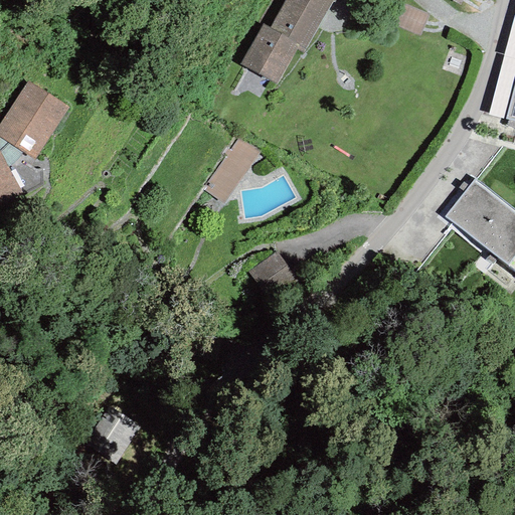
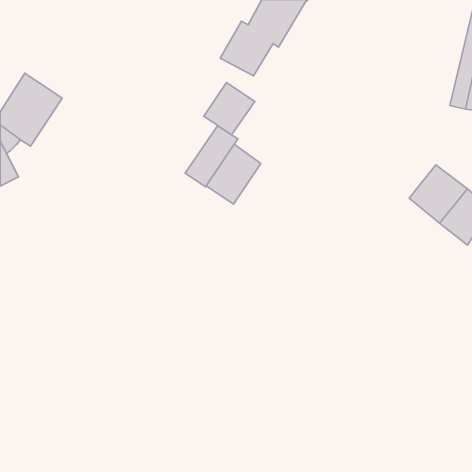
building: none -> [204,82,255,135]
building: none -> [206,144,261,204]

